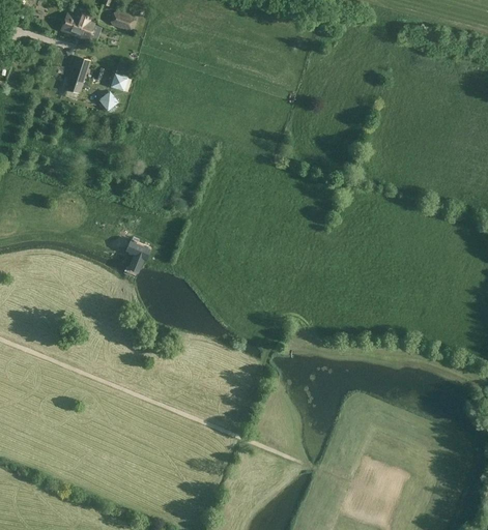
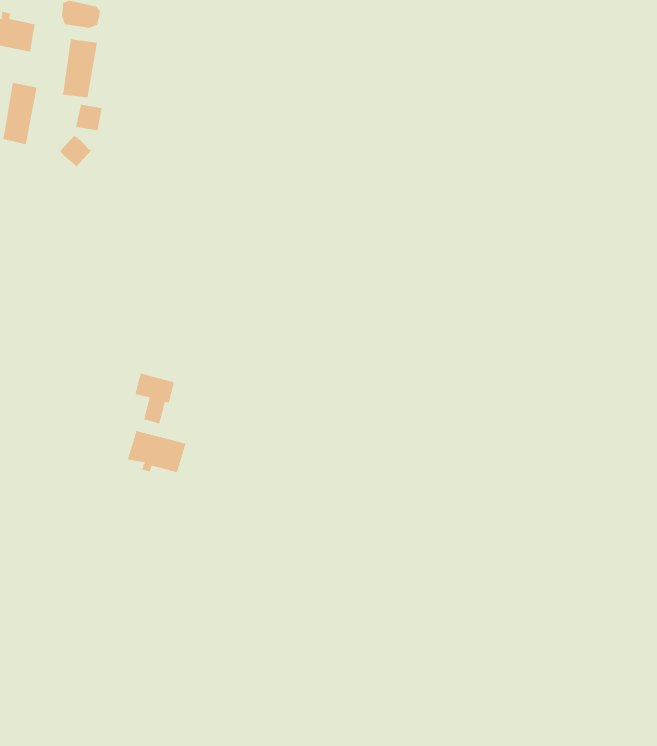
building: none -> [62,39,98,98]
building: none -> [127,430,187,473]

